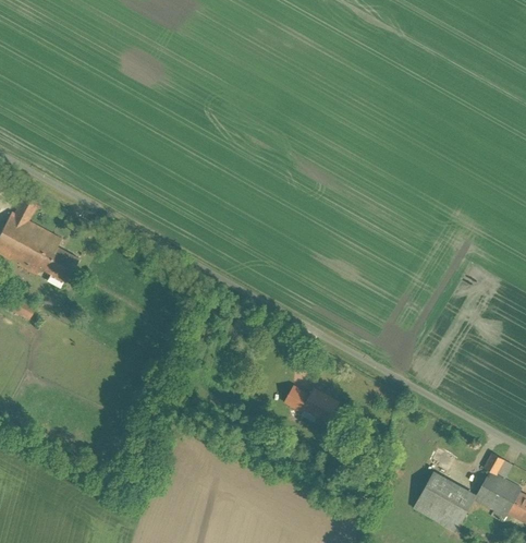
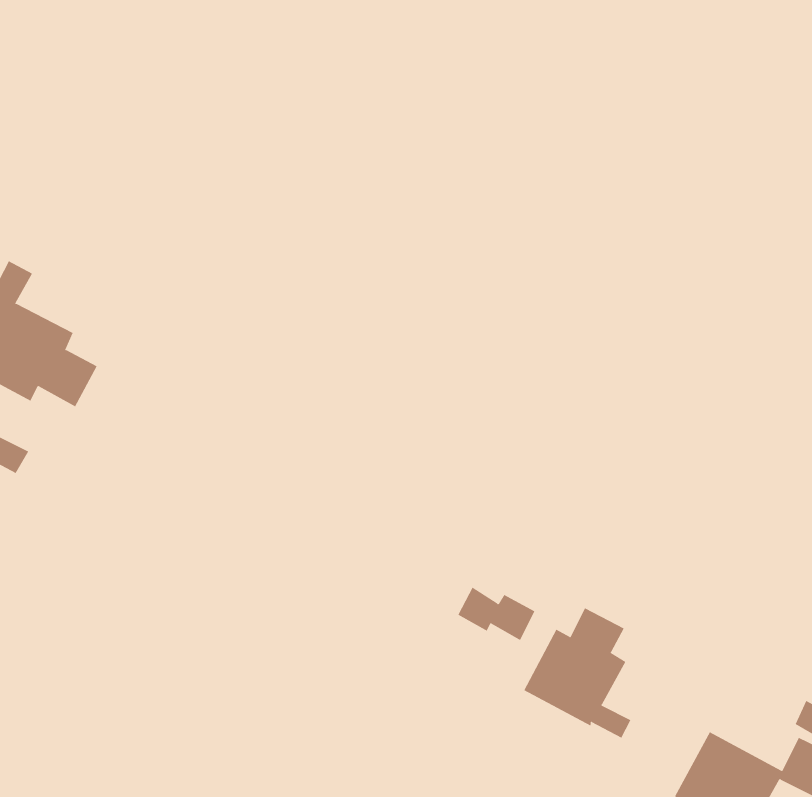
building: none -> [524,608,631,739]

